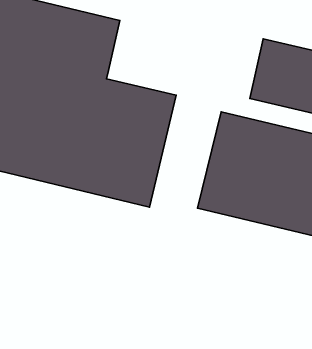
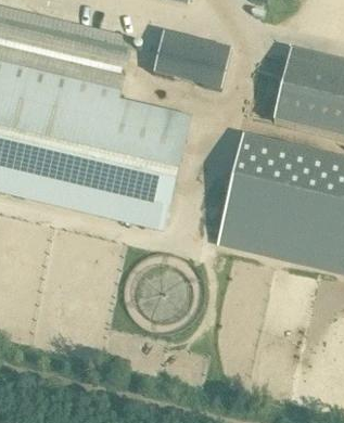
building: none -> [152,29,232,89]

